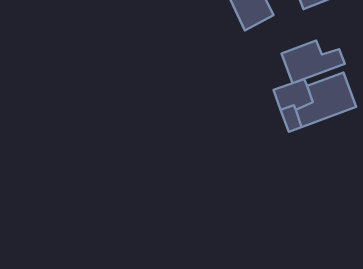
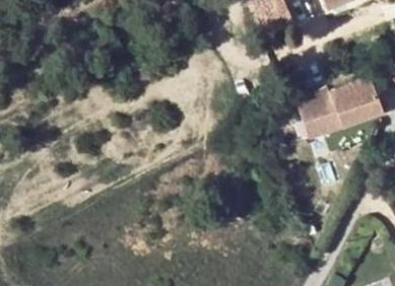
building: [281,40,345,83] -> none

